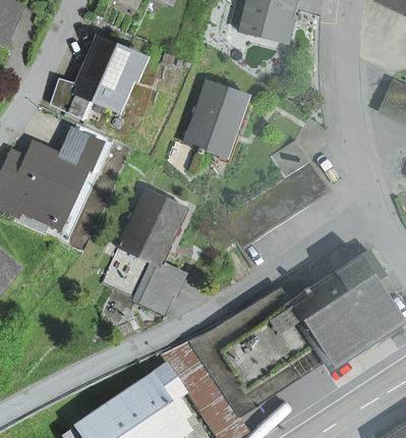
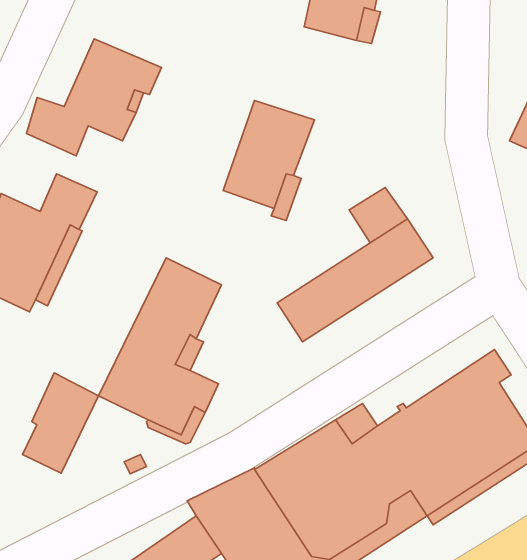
building: none -> [22,373,99,473]

